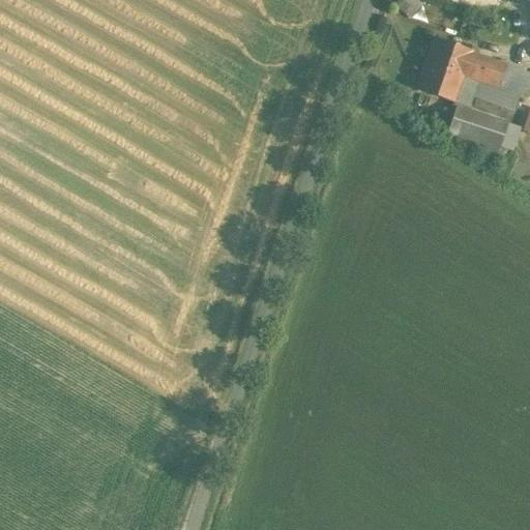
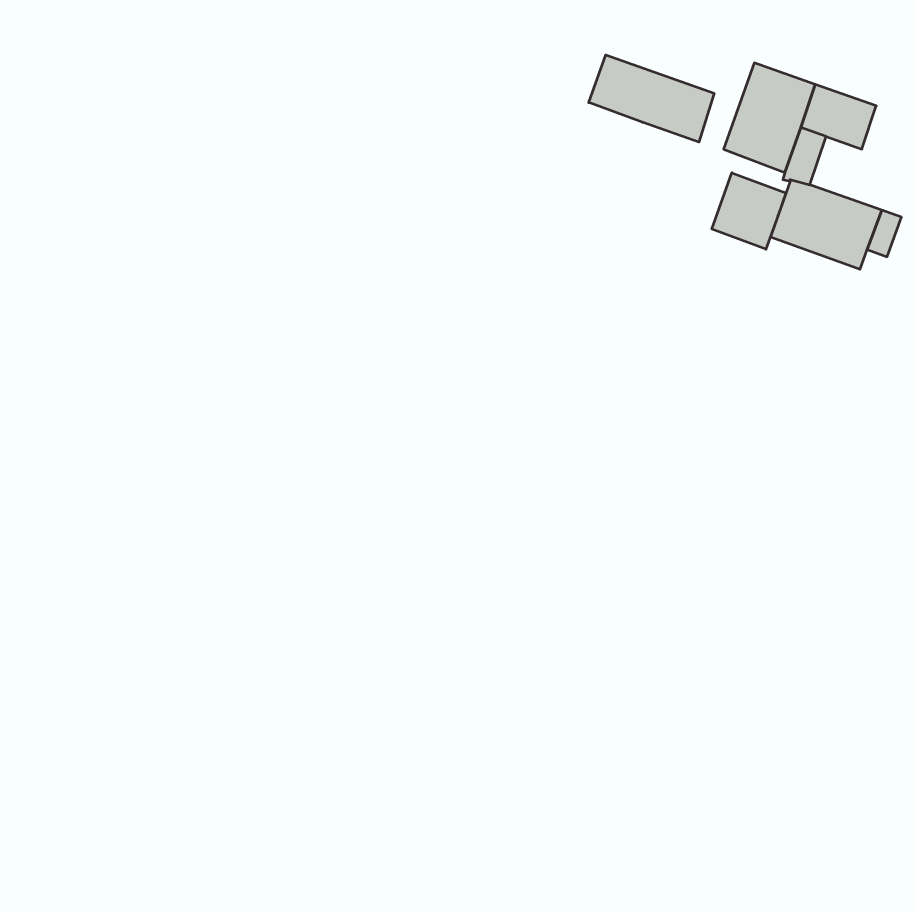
building: none -> [589,55,714,142]
building: none -> [712,173,786,249]

